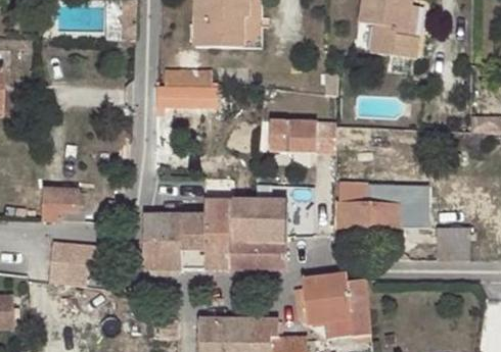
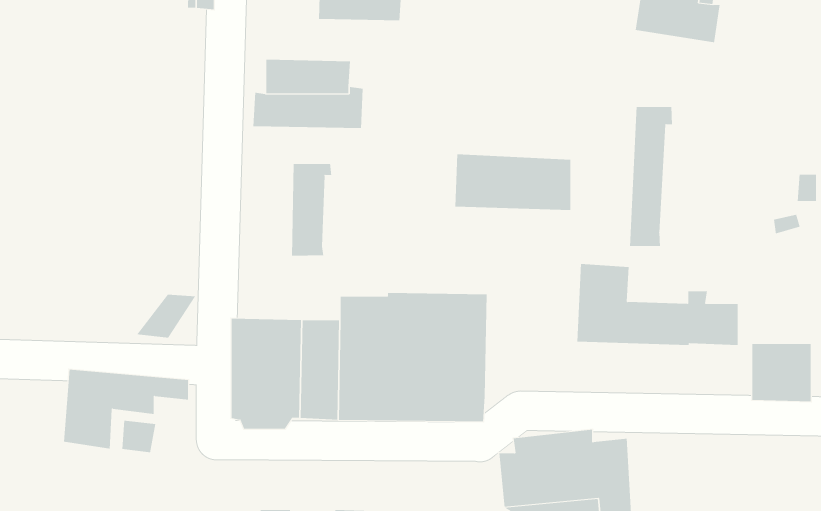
building: none -> [630,106,673,247]
building: none -> [291,163,332,256]
building: [42,188,84,220] -> none

